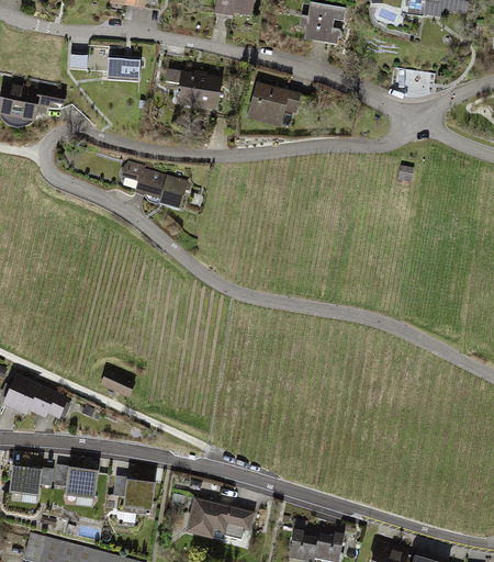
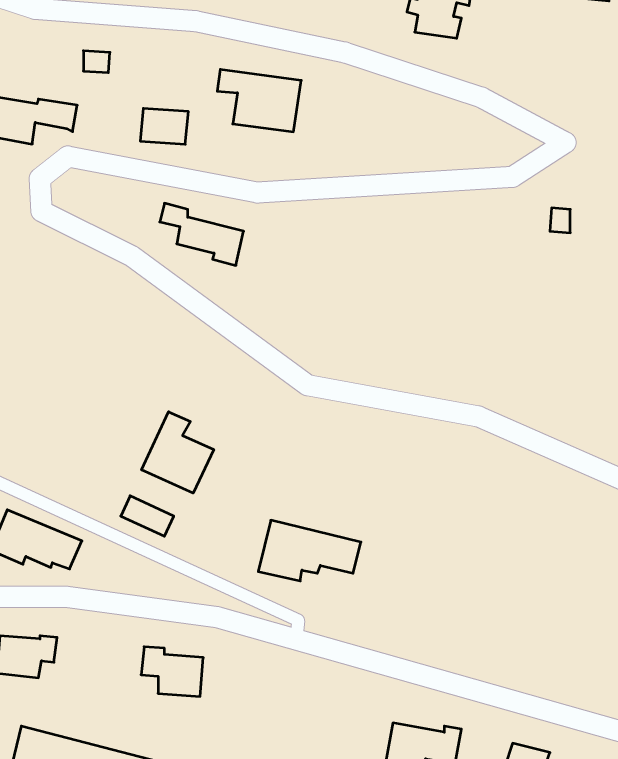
building: [108,58,142,83] -> [140,108,188,144]
building: [247,82,302,127] -> none
building: none -> [142,412,214,493]
building: [53,465,100,501] -> none
building: [184,495,257,538] -> [258,520,361,581]

